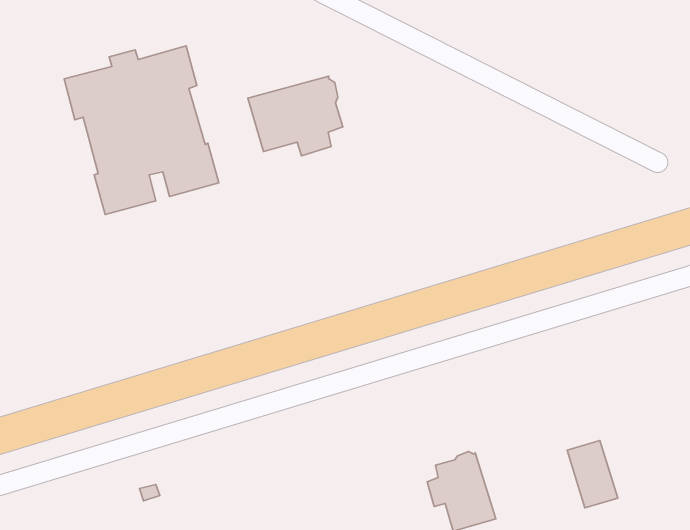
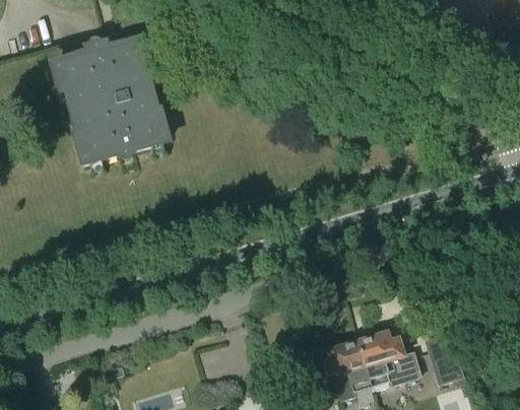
building: [248,76,343,156] -> none
building: none -> [356,332,421,390]

